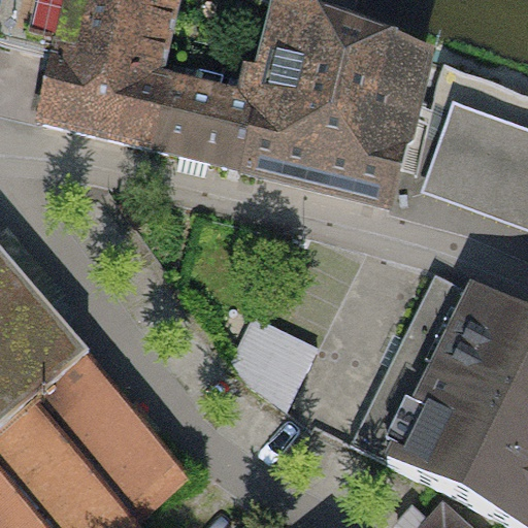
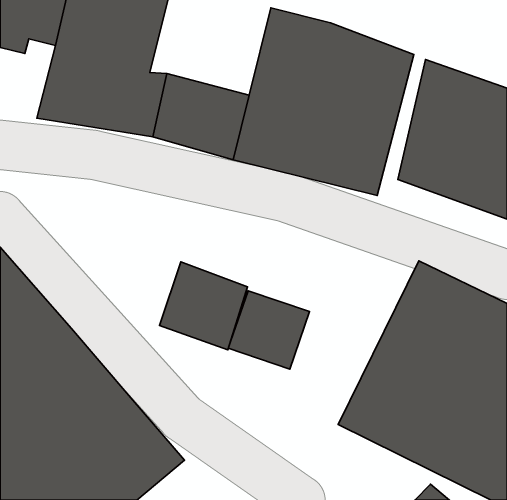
building: none -> [159,262,247,350]

